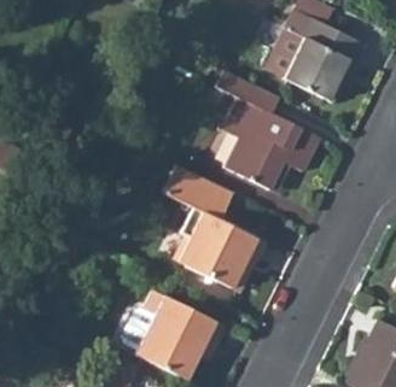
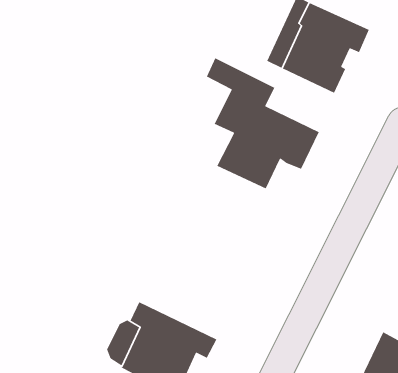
building: [163,164,269,289] -> none

